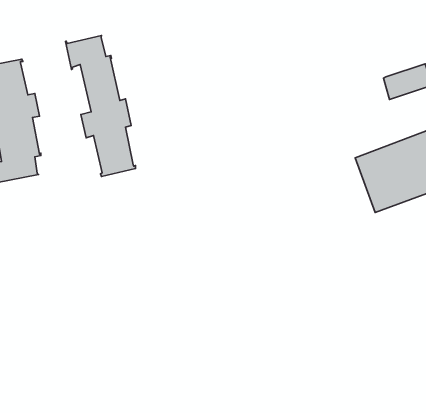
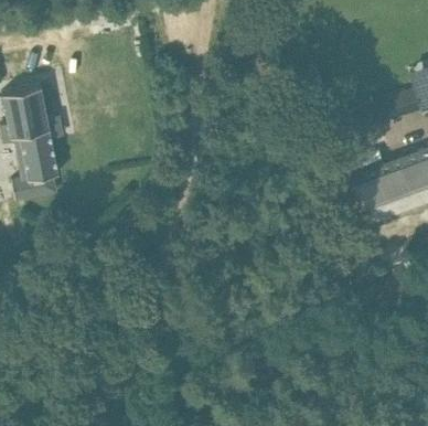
building: [65,36,136,176] -> none

